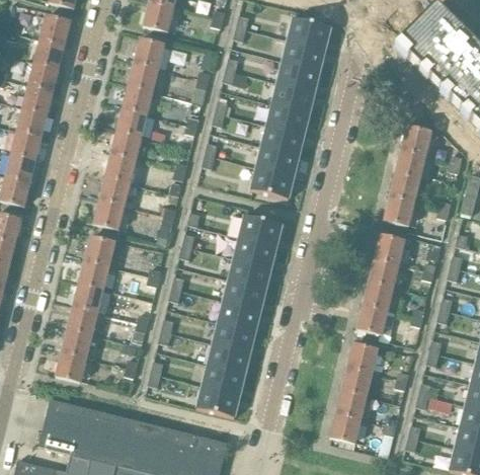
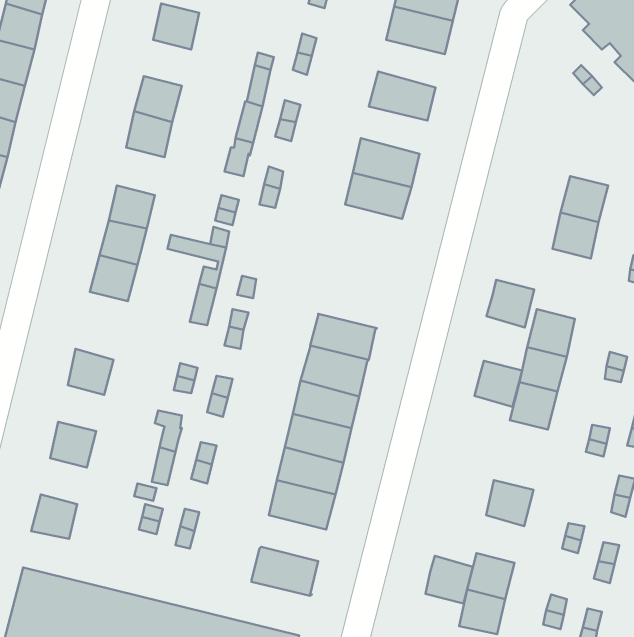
building: [128,62,158,91] -> none
building: [277,62,320,92] -> none
building: [266,104,309,134] -> none
building: [400,127,430,155] -> none
building: [110,131,141,161] -> none
building: [250,167,293,200] -> none
building: [383,195,413,226] -> [487,280,534,327]
building: [239,215,283,246] -> none
building: [84,237,114,266] -> none
building: [73,283,102,312] -> none
building: [355,305,386,334] -> [474,361,522,407]
building: [62,329,91,359] -> none
building: [203,366,244,395] -> none
building: [340,366,371,396] -> [425,556,473,603]

